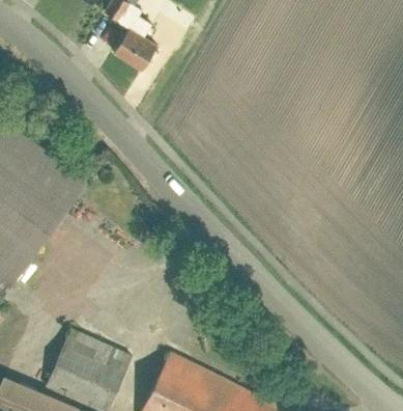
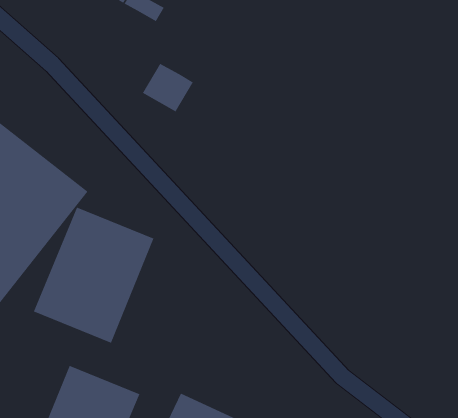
building: [111,29,155,72] -> [142,63,194,112]
building: none -> [33,207,155,344]

